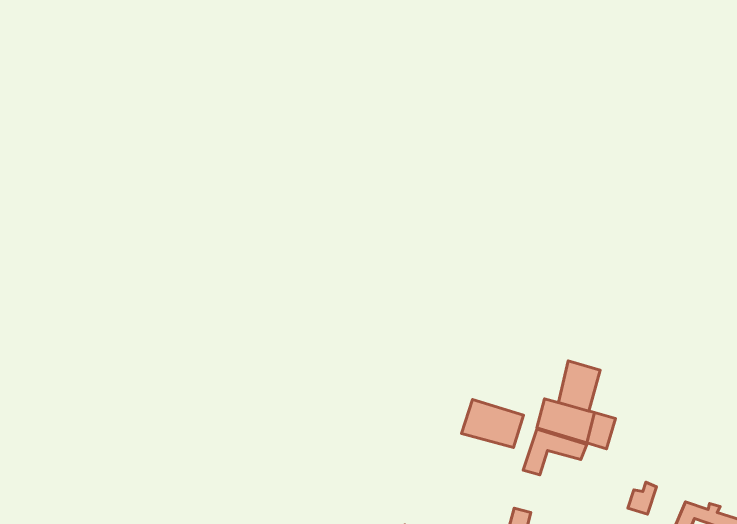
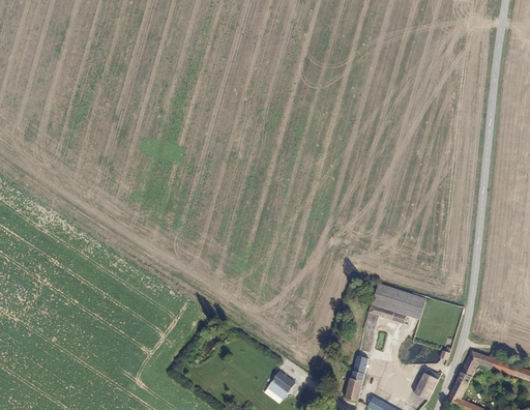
building: [558,361,600,411] -> none
building: [462,400,524,447] -> none

